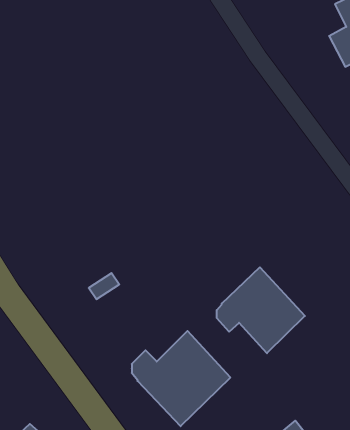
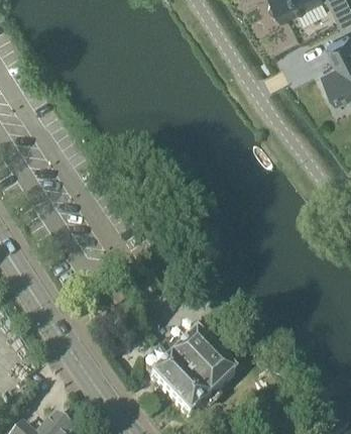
building: [217,267,305,353] -> none

